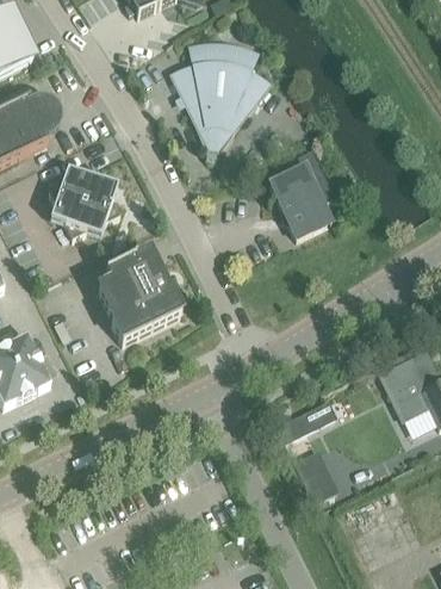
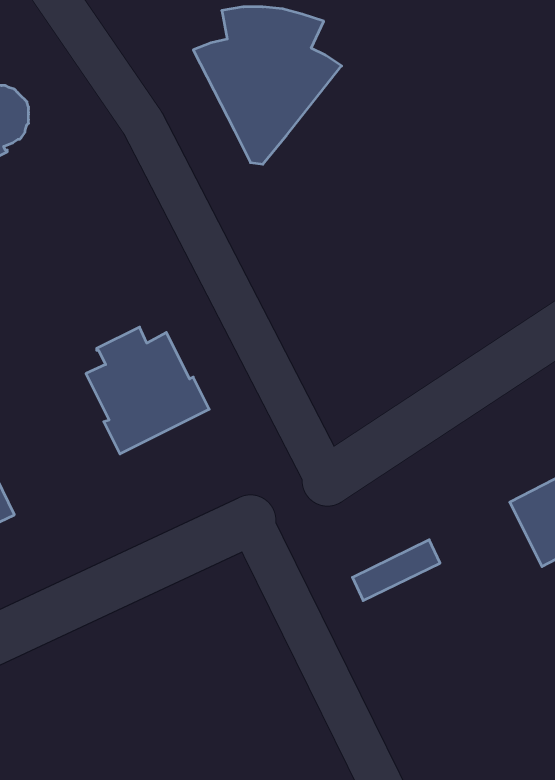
building: [269,147,335,236] -> none
building: [48,165,120,236] -> none
building: [300,460,336,497] -> none

